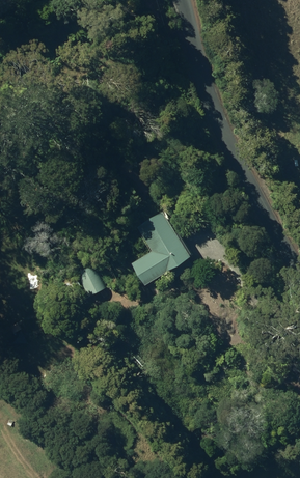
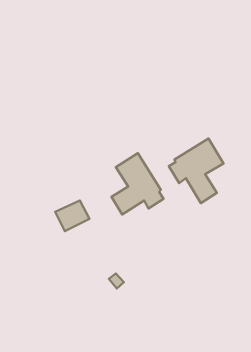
building: none -> [169,139,223,203]

